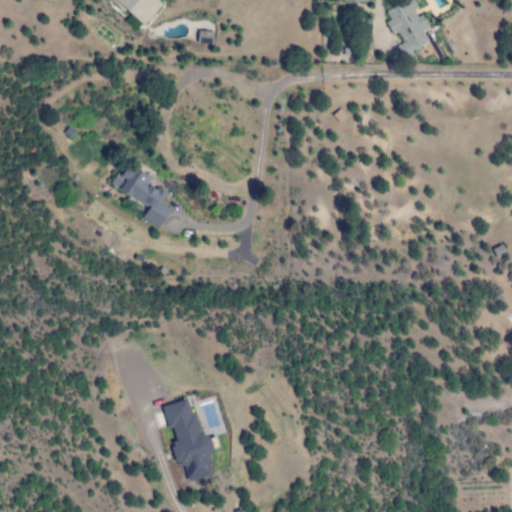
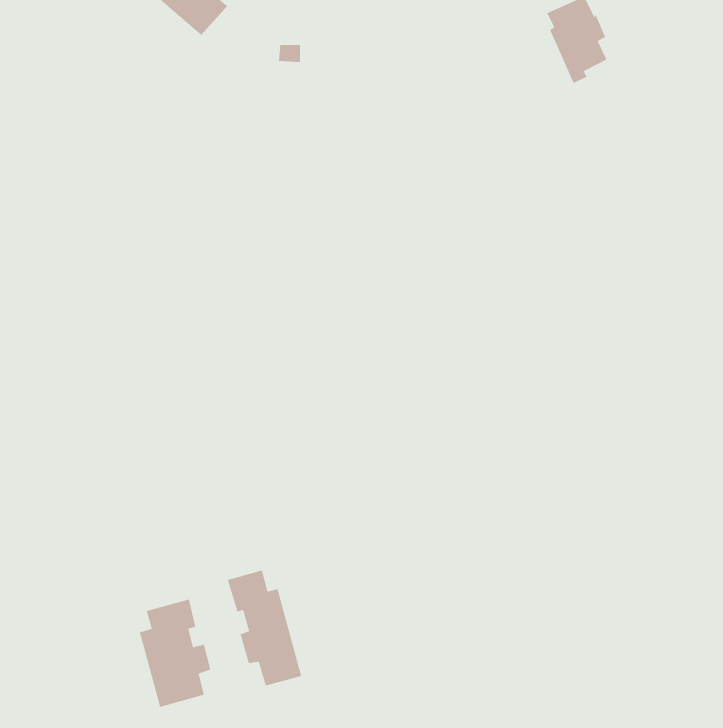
building: [112,166,172,228] -> none
building: none -> [139,599,211,708]

